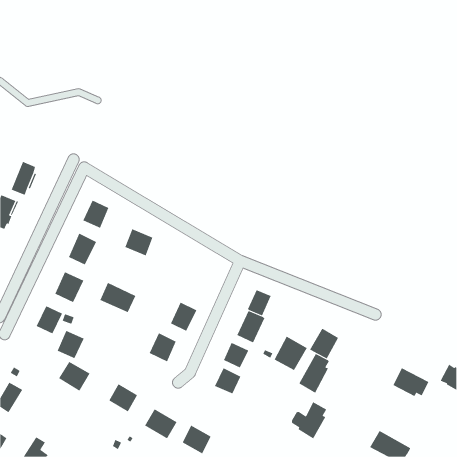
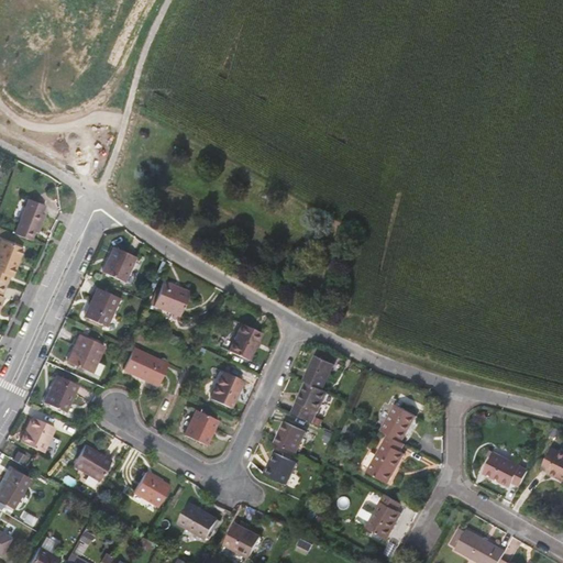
building: none -> [228,322,261,360]
building: [57,330,85,359] -> [20,416,54,451]
building: [274,336,308,371] -> none

